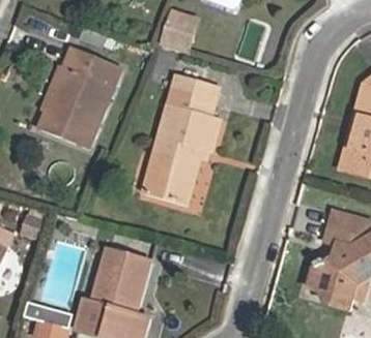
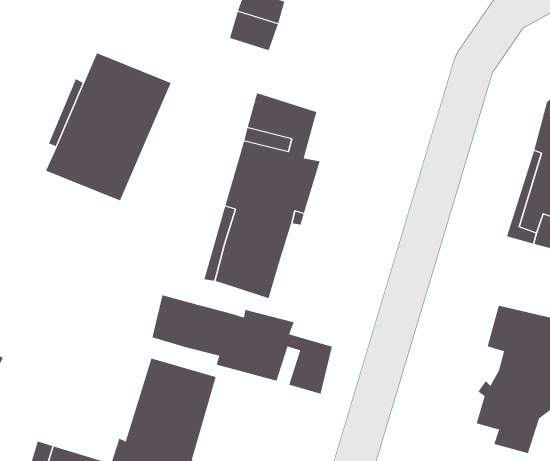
building: none -> [152,294,332,394]

